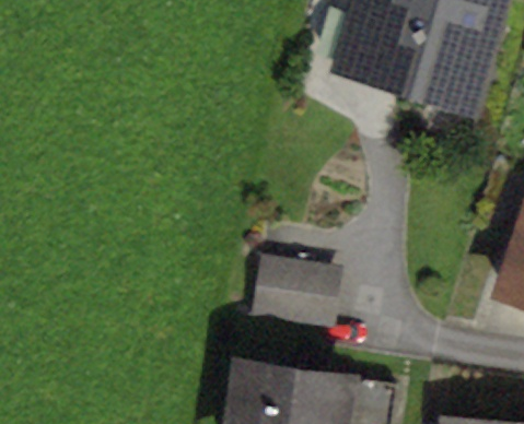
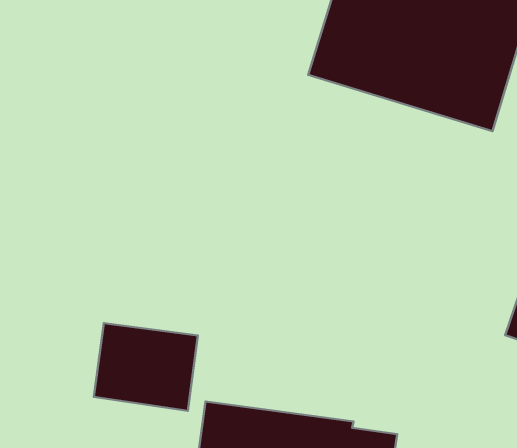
building: [252,255,342,331] -> [94,323,198,411]

